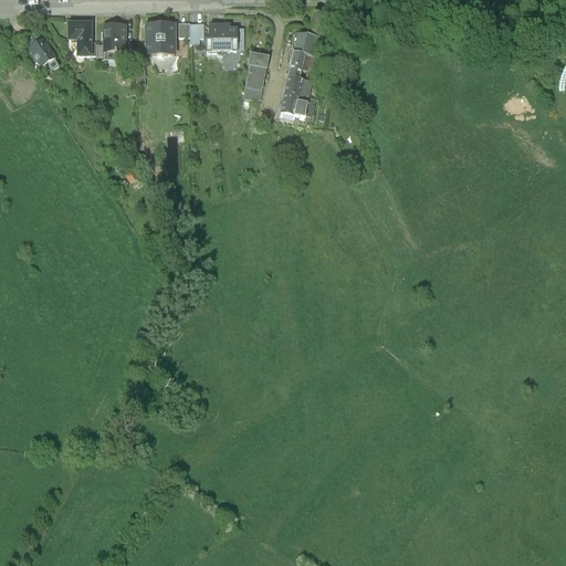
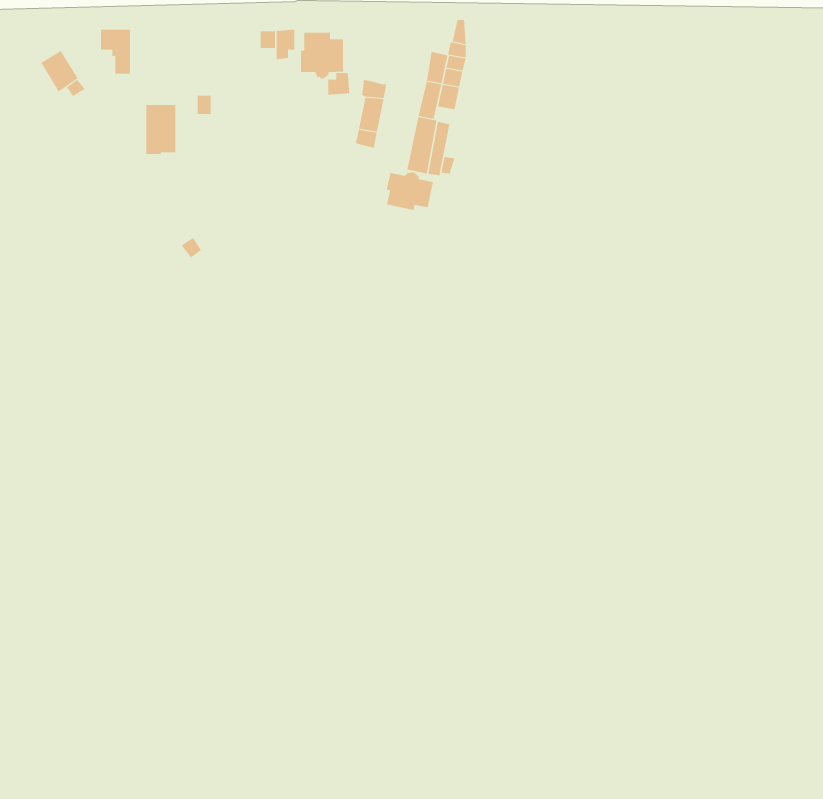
building: [105,20,126,54] -> [145,104,176,154]
building: [146,20,175,51] -> none
building: none -> [386,171,433,211]

